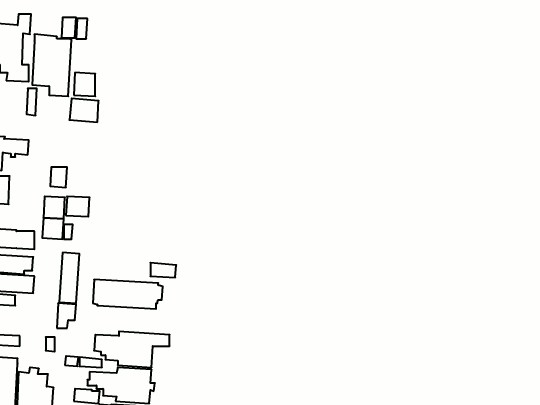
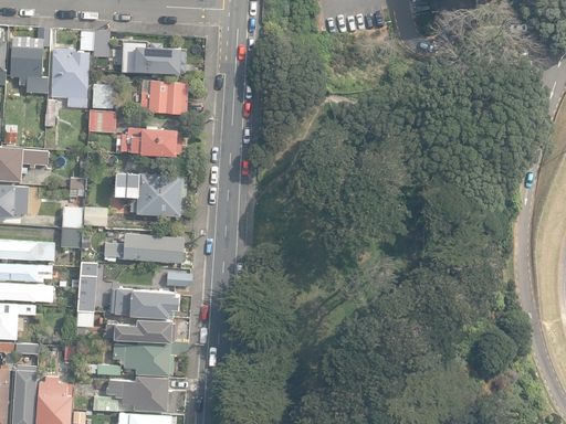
building: none -> [123,40,182,73]
building: none -> [138,80,188,115]
building: none -> [116,127,181,156]
building: none -> [115,172,187,215]
building: none -> [104,233,184,263]
building: none -> [105,317,175,339]

